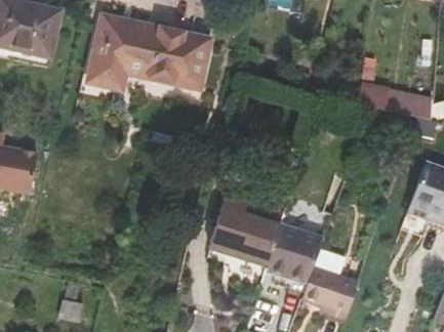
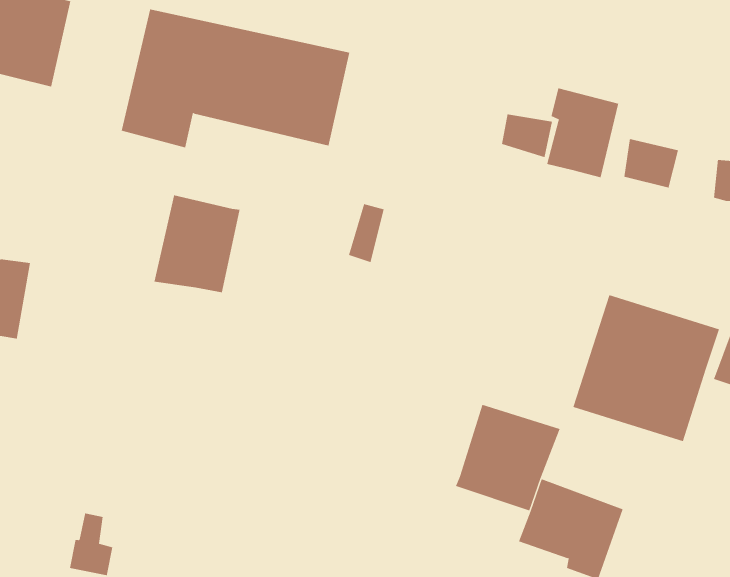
building: none -> [546,87,619,178]
building: none -> [154,195,240,293]
building: [209,186,288,265] -> [573,295,720,442]

